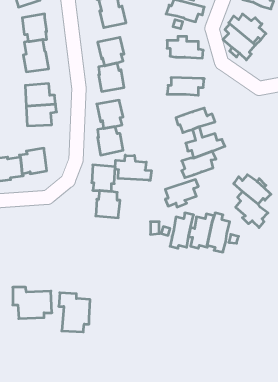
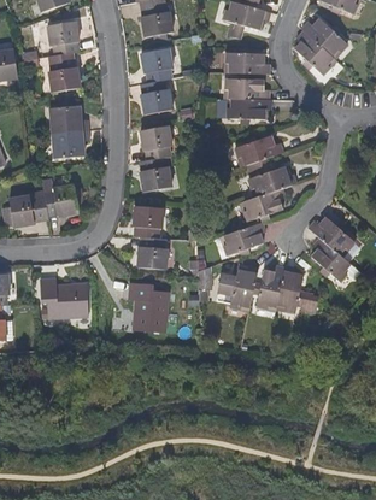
building: none -> [224,77,269,99]
building: [115,155,151,180] -> none
building: [13,287,52,319] -> [40,280,88,318]
building: [59,293,90,332] -> [129,283,168,331]

